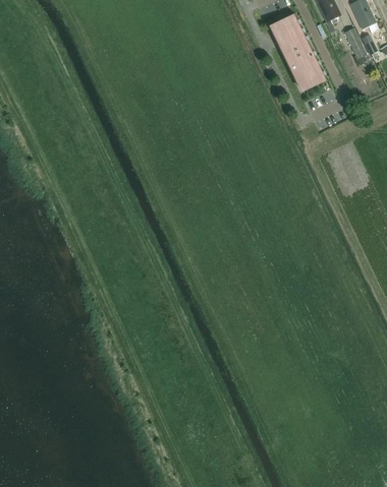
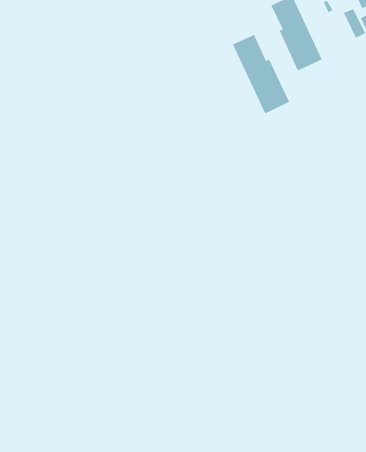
building: none -> [232,34,290,115]

